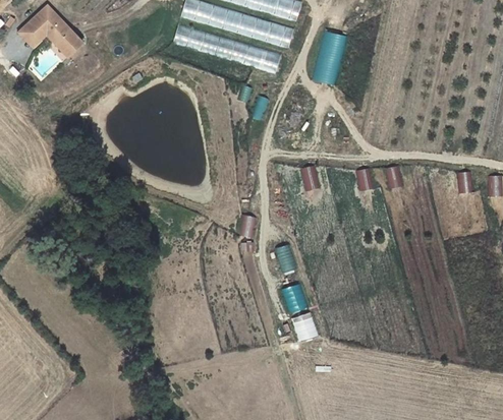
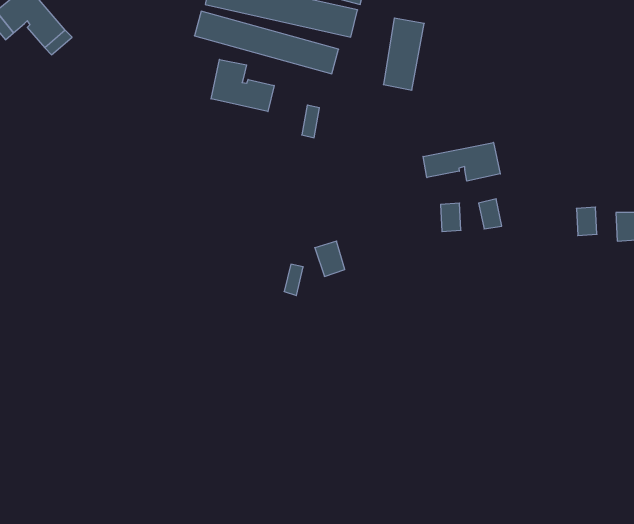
building: none -> [211,59,274,112]
building: none -> [423,142,500,181]
building: [299,164,322,190] -> [315,241,345,276]

